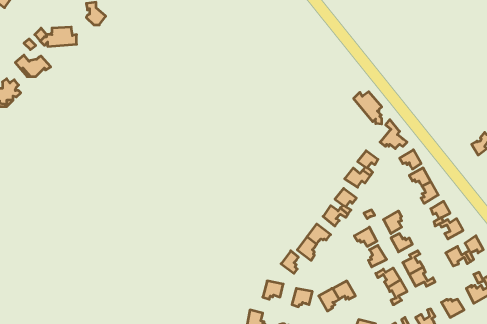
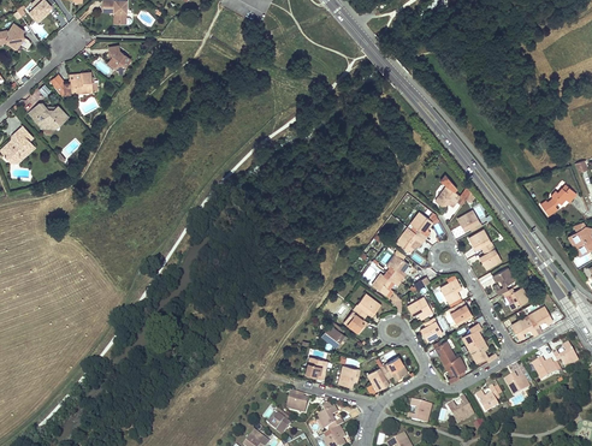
building: [354,92,382,124] -> none

